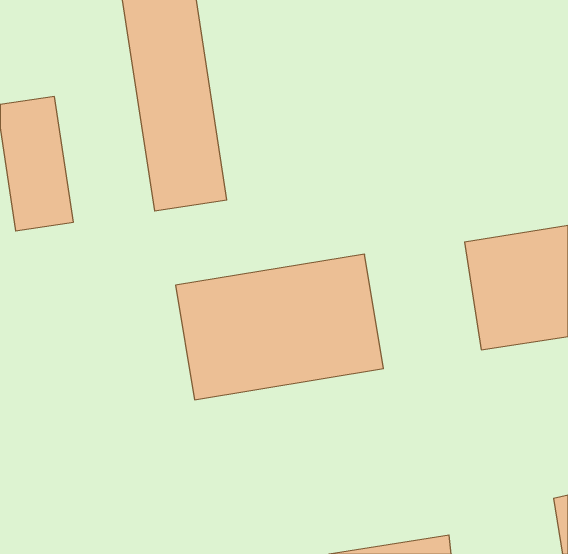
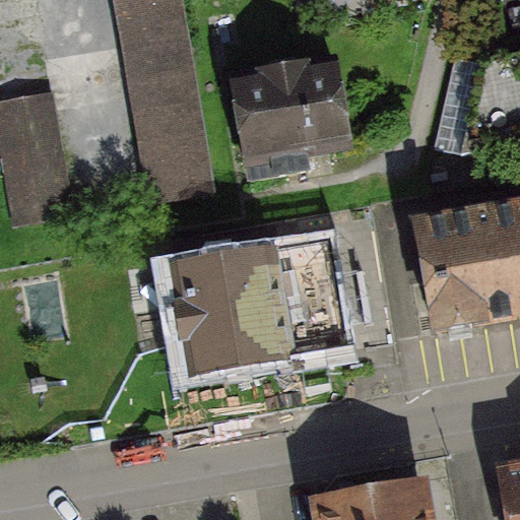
building: none -> [245,62,345,169]

